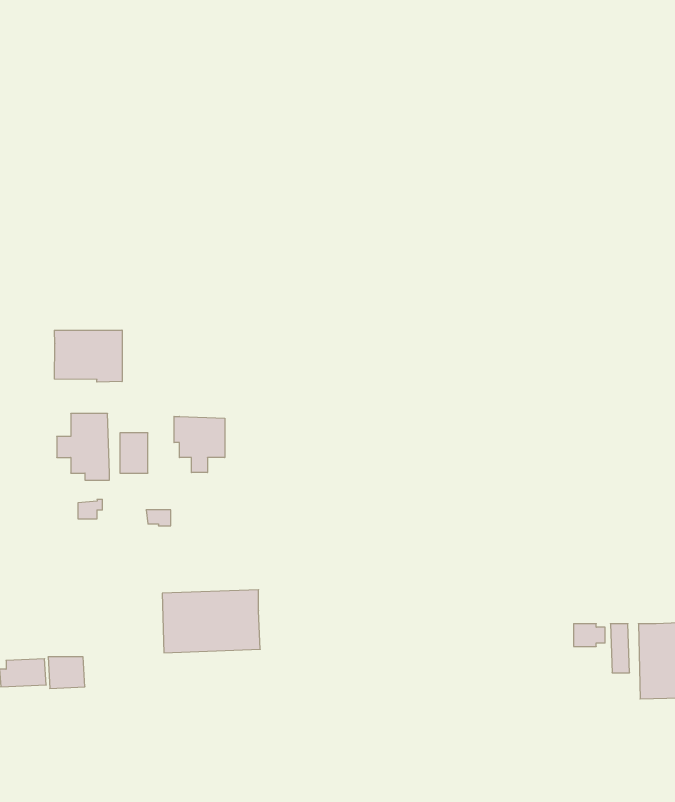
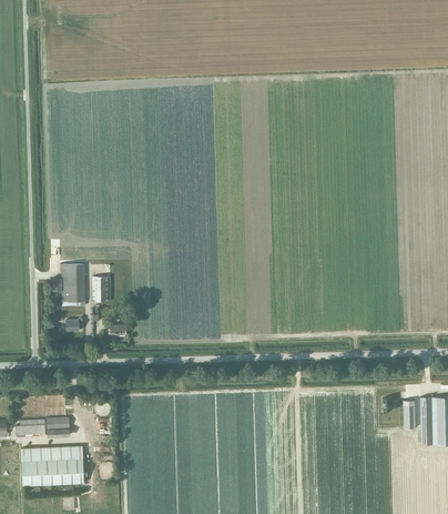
building: [54,330,122,382] -> none
building: [174,416,225,473] -> none
building: [162,590,260,653] -> [21,446,83,486]

